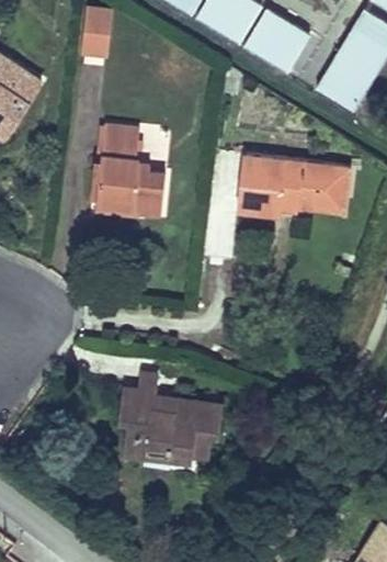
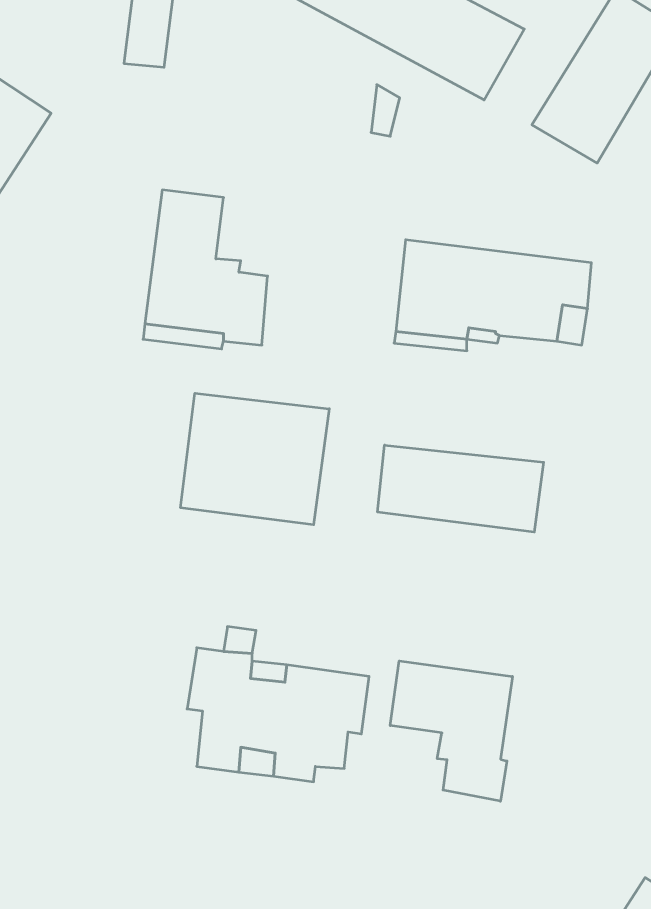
building: none -> [181,393,329,525]
building: none -> [378,445,544,532]
building: none -> [390,661,512,801]

